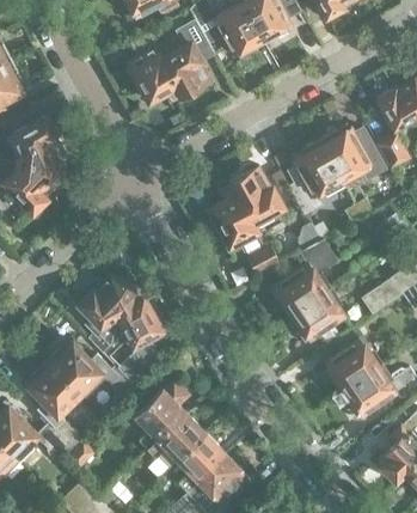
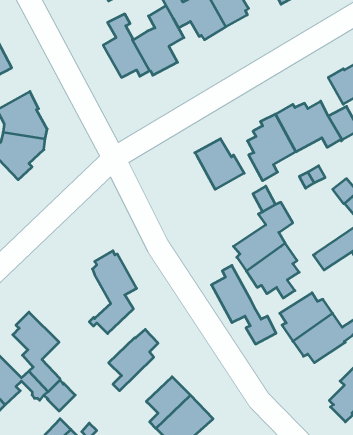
building: [208,188,280,275] -> [211,265,276,344]
building: [76,277,137,353] -> none
building: [44,343,131,396] -> none
building: [145,411,203,469] -> none

